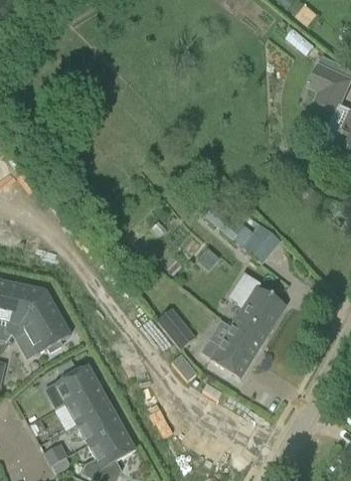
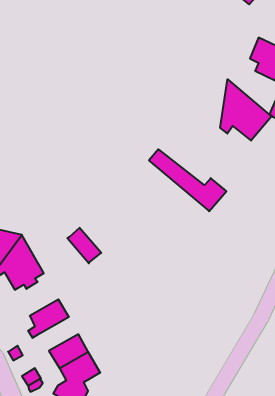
building: none -> [220,79,271,141]
building: [199,272,286,377] -> none
building: [156,307,195,348] -> [67,228,101,263]
building: [64,383,110,423] -> none

